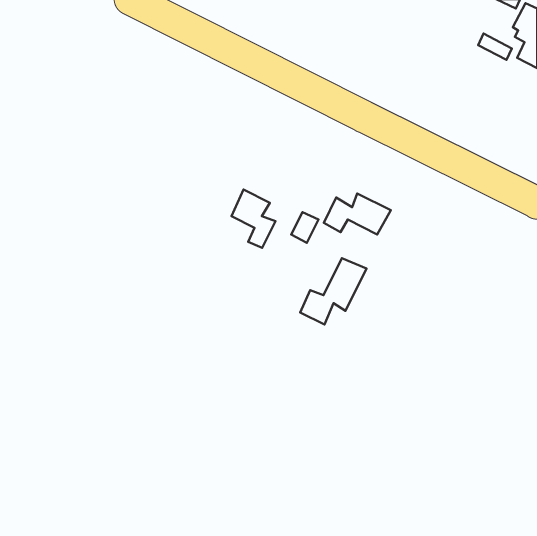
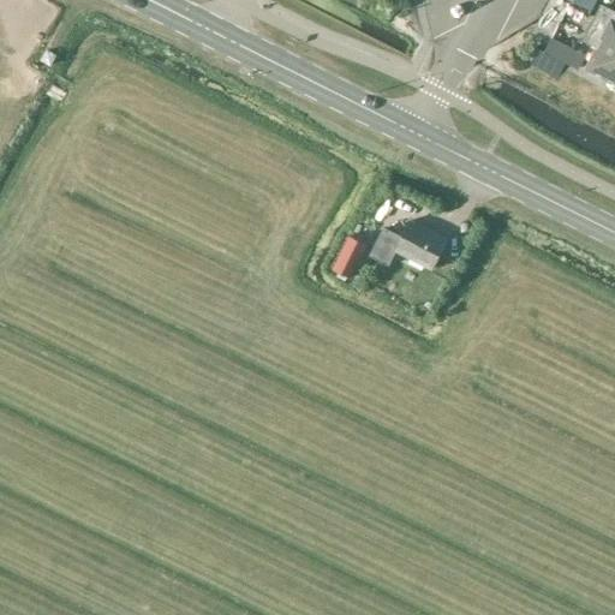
building: [231,190,275,248] -> none
building: [300,258,367,324] -> none

